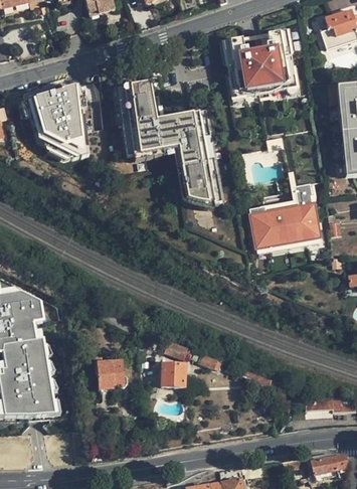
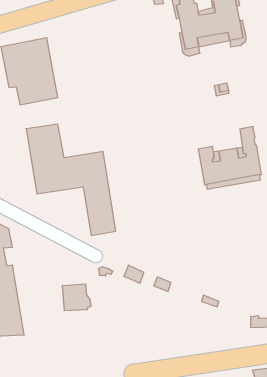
building: [117,80,216,204] -> [26,124,116,236]
building: [162,361,189,385] -> none

